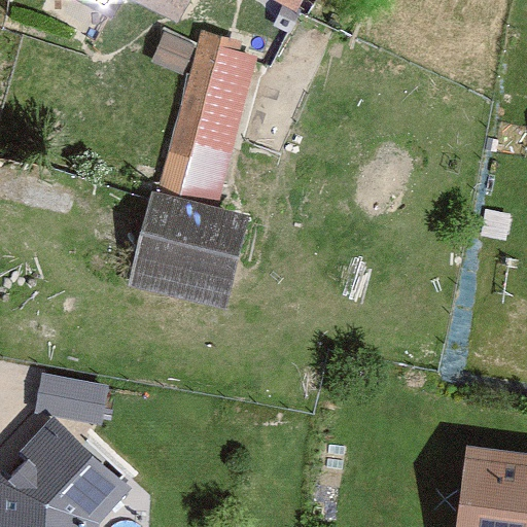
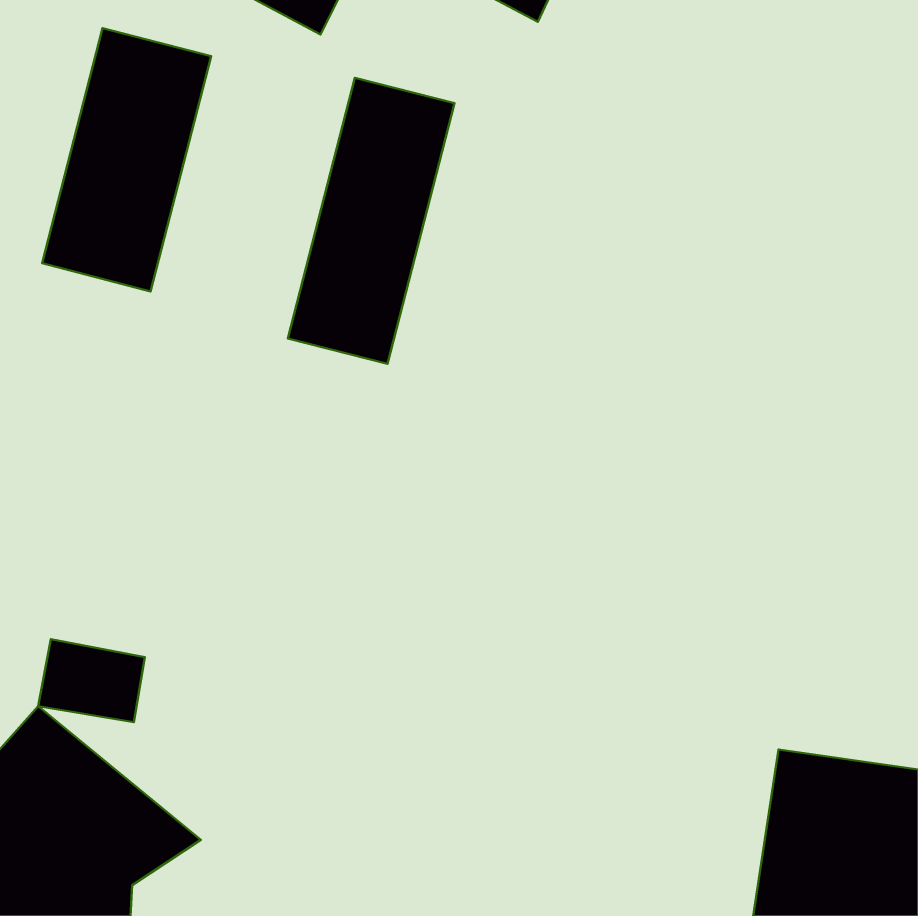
building: none -> [42,28,211,291]
building: [131,201,250,312] -> none

